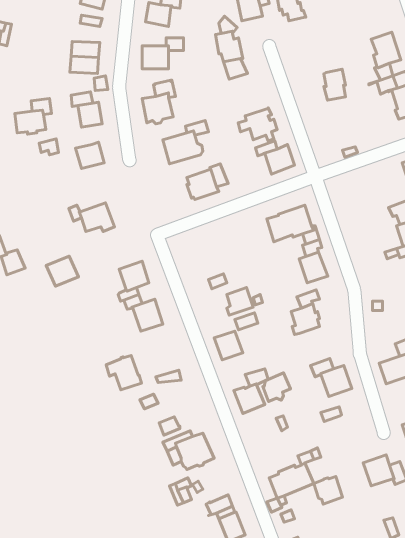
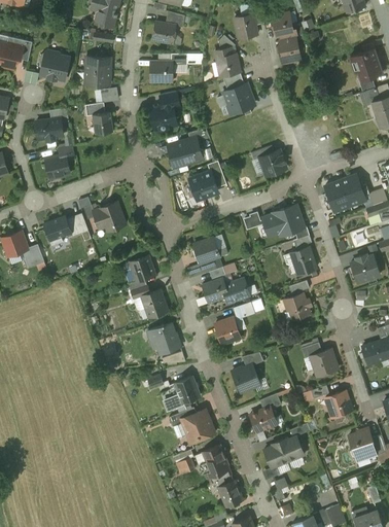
building: none -> [39,51,69,81]
building: [324,69,346,100] -> [279,36,298,64]
building: [238,108,277,141] -> [218,85,253,115]
building: [76,142,104,169] -> [44,155,70,179]
building: none -> [324,175,365,213]
building: none -> [193,238,219,264]
building: [46,256,78,286] -> [44,217,73,244]
building: none -> [350,255,380,283]
building: none -> [202,278,228,304]
building: [106,356,142,390] -> [148,323,180,354]
building: [263,373,290,401] -> [251,407,276,432]
building: none -> [174,378,199,403]
building: none -> [203,446,227,472]
building: [314,477,343,504] -> [325,392,351,417]

